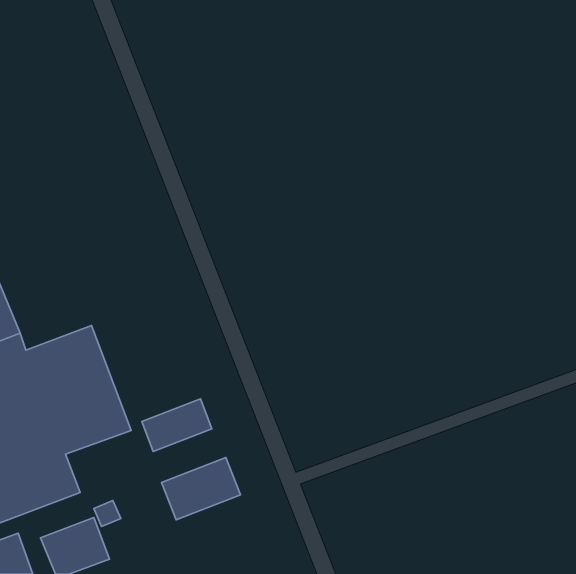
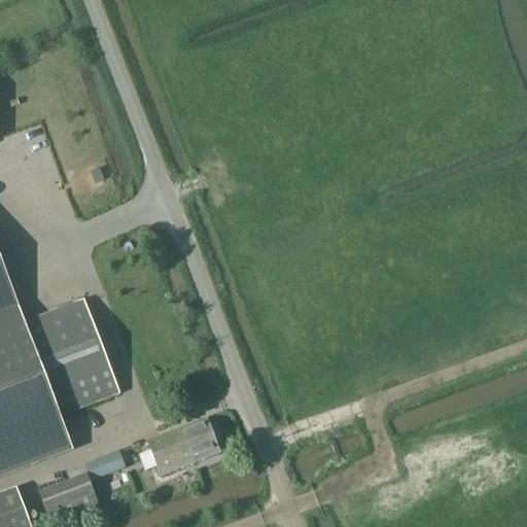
building: [142,399,212,452] -> none

